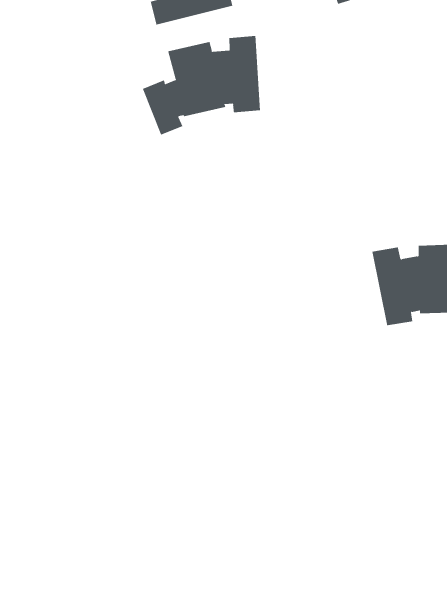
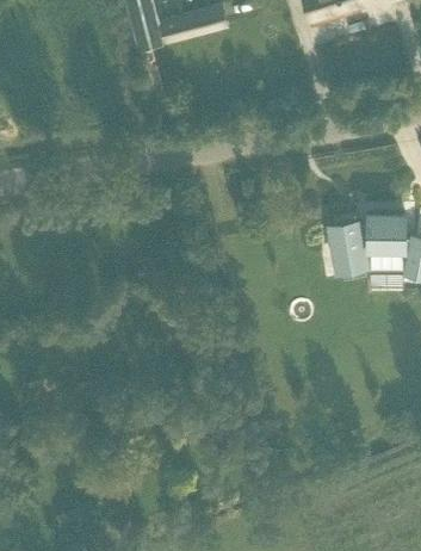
building: [142,35,261,136] -> none

